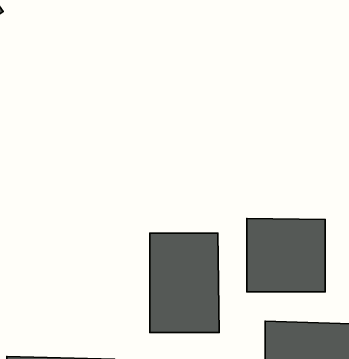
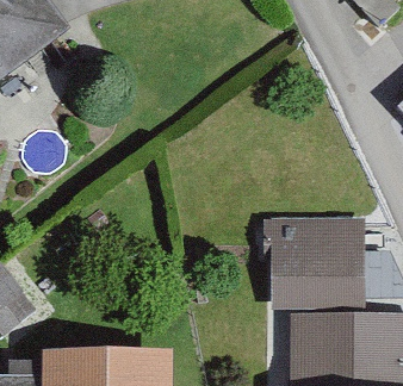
building: [150,233,219,332] -> none

